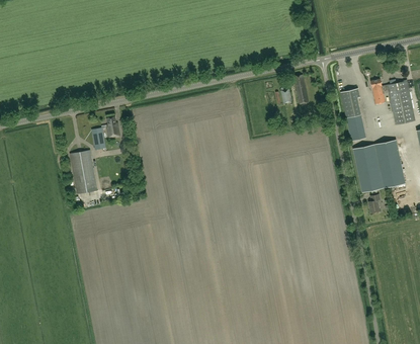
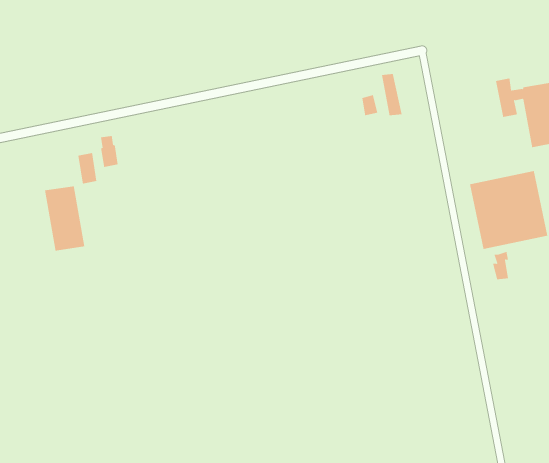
building: [339,89,365,142] -> none

